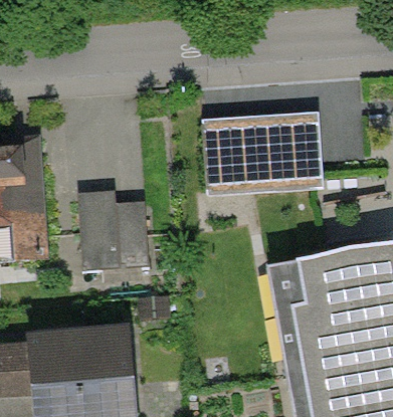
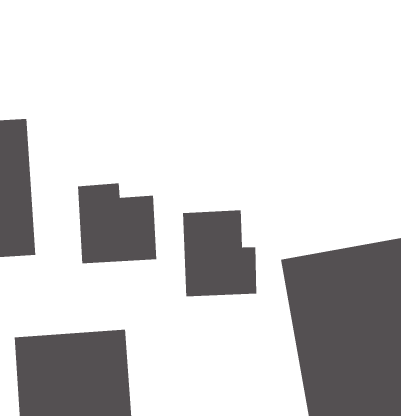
building: [207,115,323,189] -> none
building: none -> [182,210,257,297]

